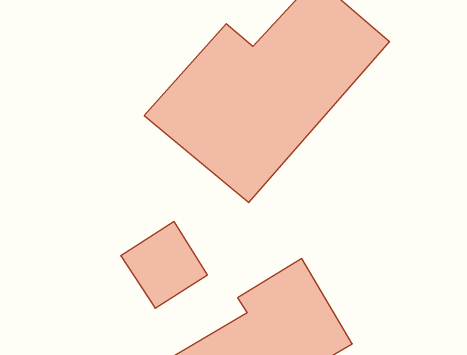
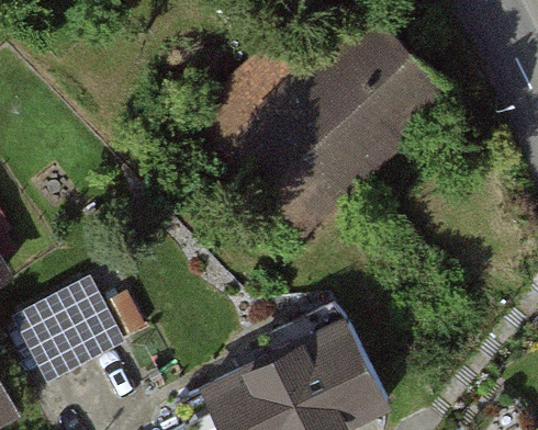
building: [121,222,207,308] -> [25,290,115,380]

